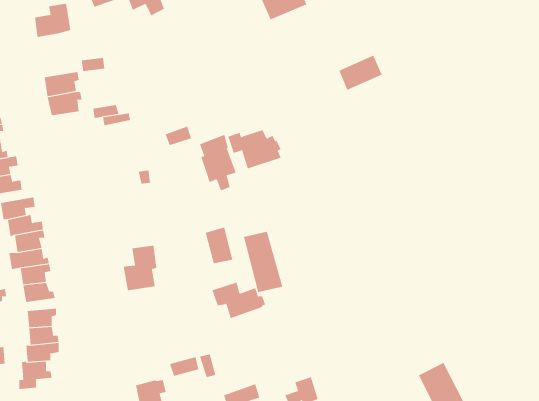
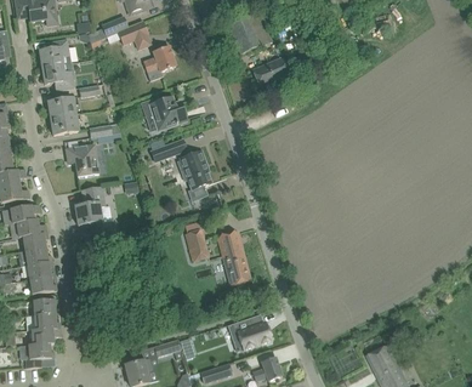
building: none -> [143,46,176,81]
building: none -> [41,64,75,91]
building: [338,55,382,91] -> [252,57,290,87]
building: none -> [66,144,98,177]
building: [227,129,281,169] -> [141,97,187,131]
building: [123,245,157,291] -> [74,187,103,226]
building: [212,282,266,319] -> [227,318,273,349]

